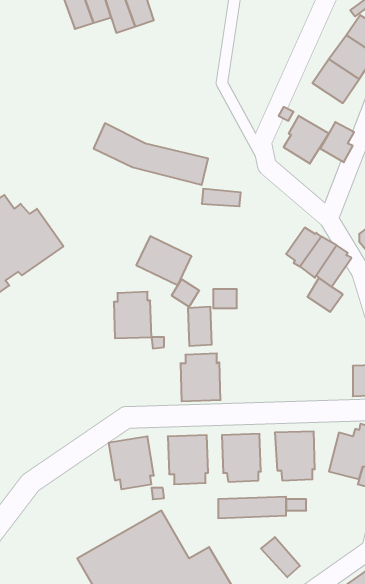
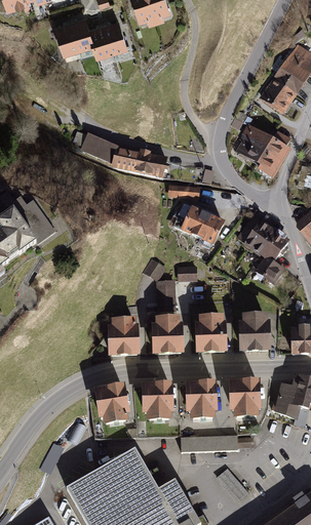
building: none -> [257,151,284,179]
building: [136,236,192,285] -> [180,206,225,246]
building: [114,292,151,338] -> [108,320,139,358]
building: none -> [238,316,272,355]
building: none -> [194,317,228,356]

